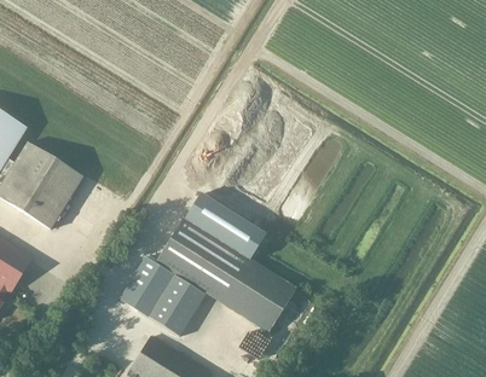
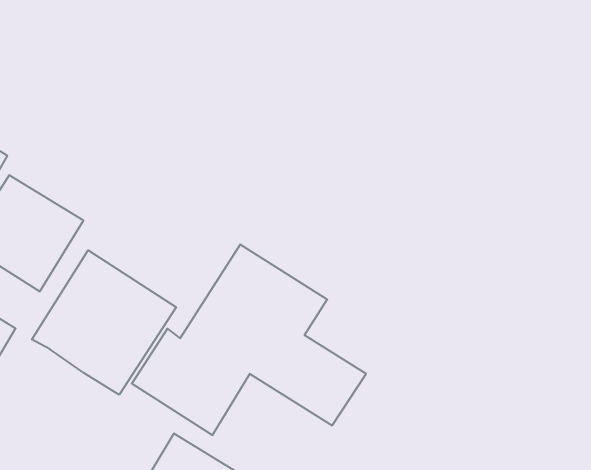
building: none -> [32,250,176,395]

